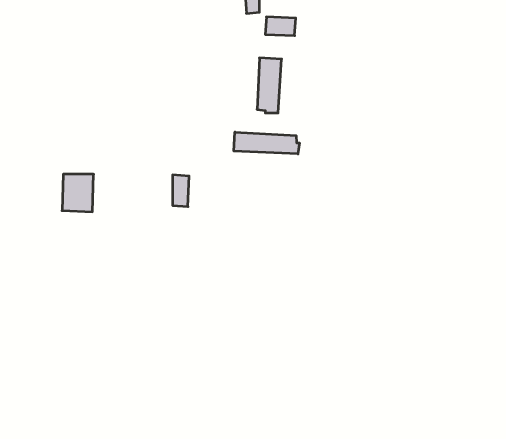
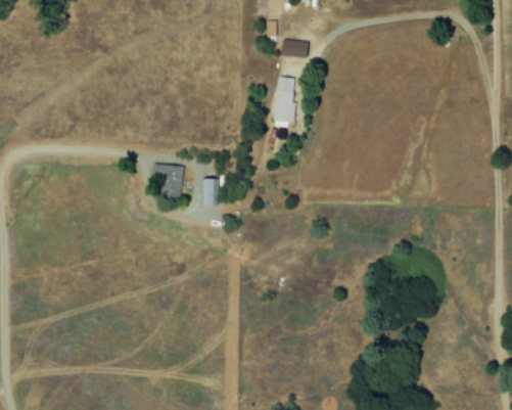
building: [234,132,299,154] -> none
building: [62,174,94,212] -> [154,165,182,197]

